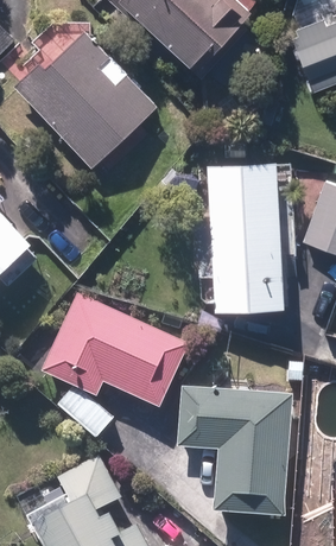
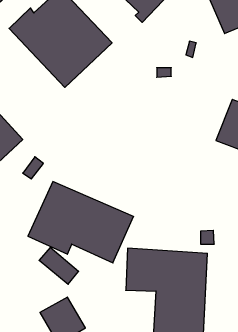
building: [192,159,285,307] -> none

